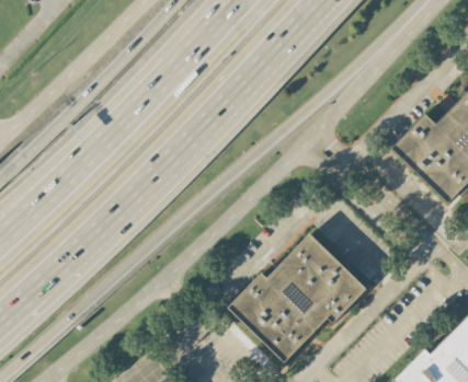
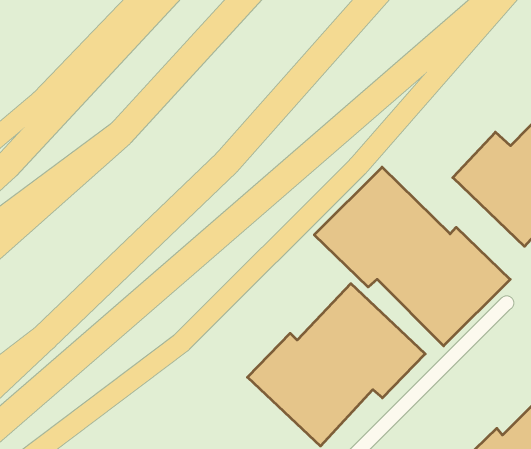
building: none -> [314,167,510,346]

